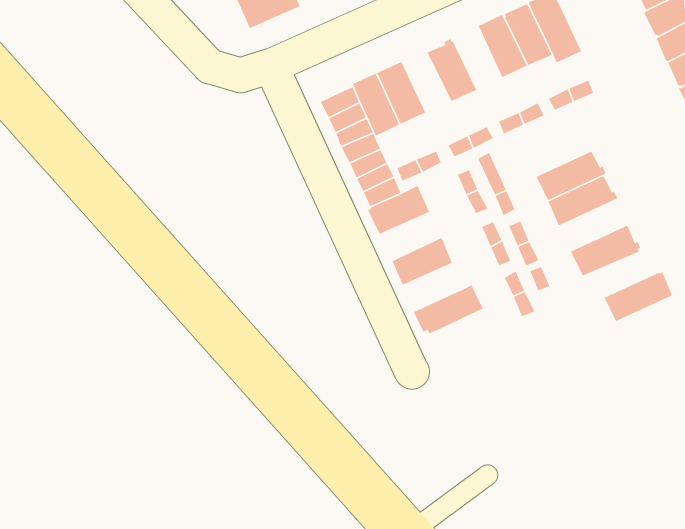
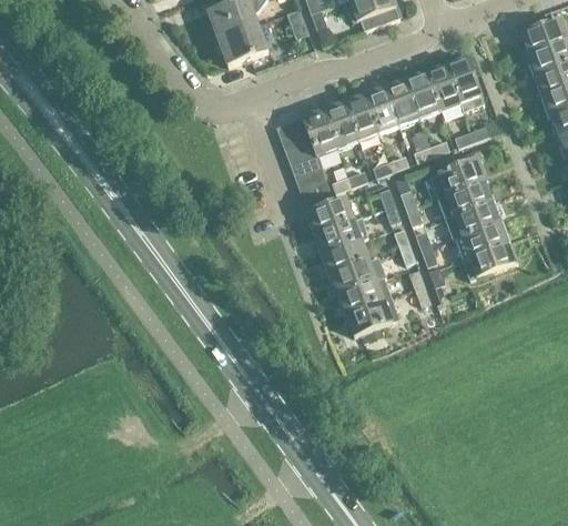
building: none -> [384,77,419,127]
building: none -> [343,92,378,141]
building: none -> [433,160,487,198]
building: none -> [314,215,368,254]
building: none -> [328,260,377,295]
building: [604,271,673,322] -> [455,221,509,257]
building: none -> [344,297,398,335]

